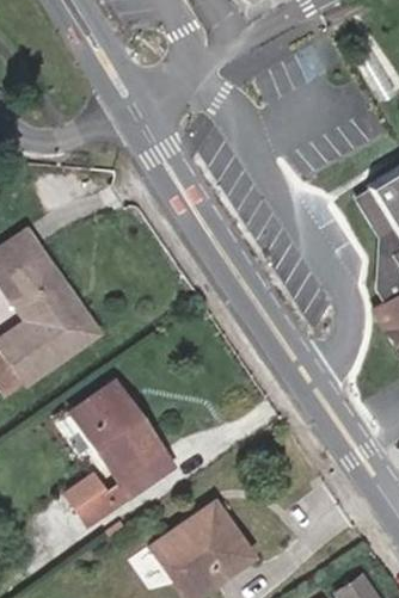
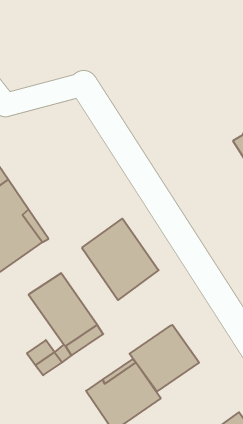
building: none -> [82,219,159,300]
building: none -> [130,325,199,392]

